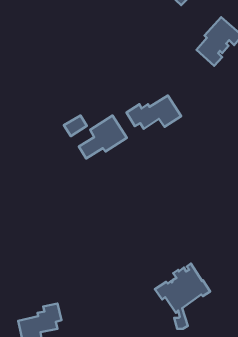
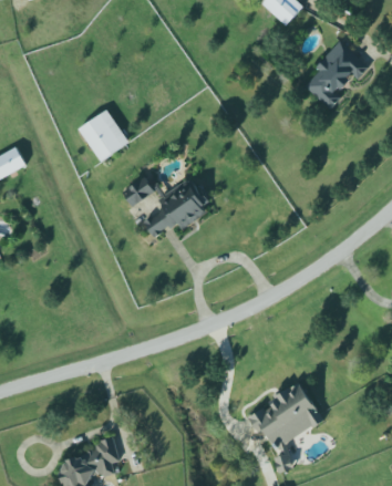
building: none -> [79,110,128,162]
building: [126,96,181,129] -> none

